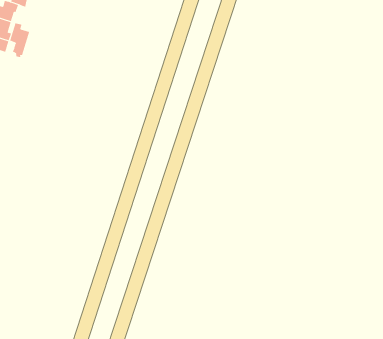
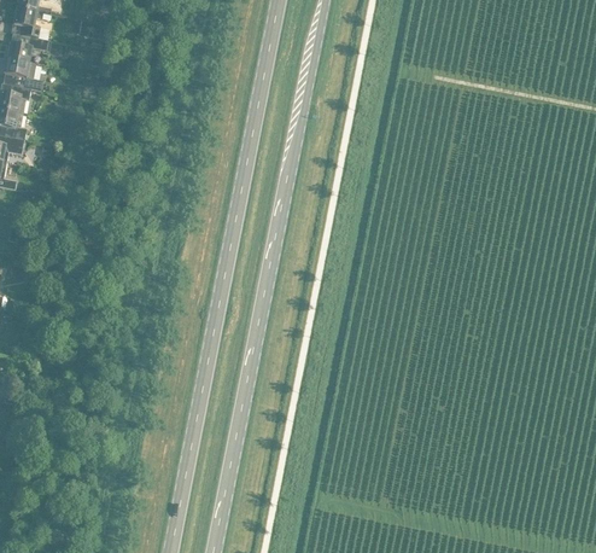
building: [9,22,30,58] -> none

